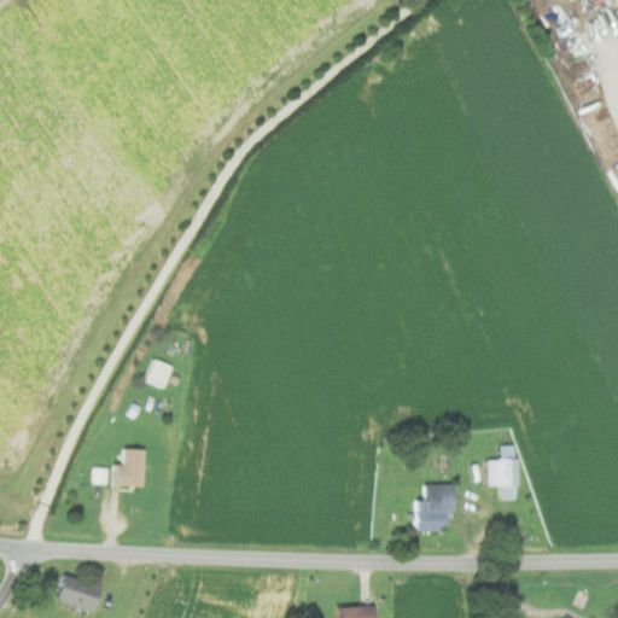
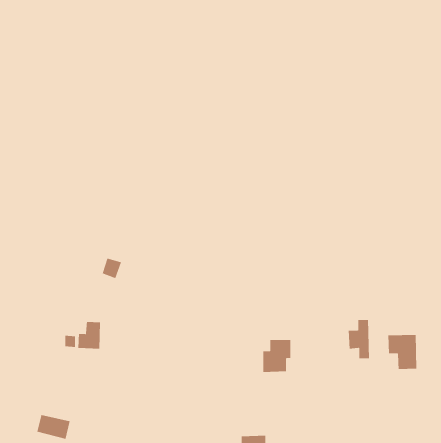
building: none -> [388,334,417,370]
building: [416,484,456,530] -> [263,339,291,372]

